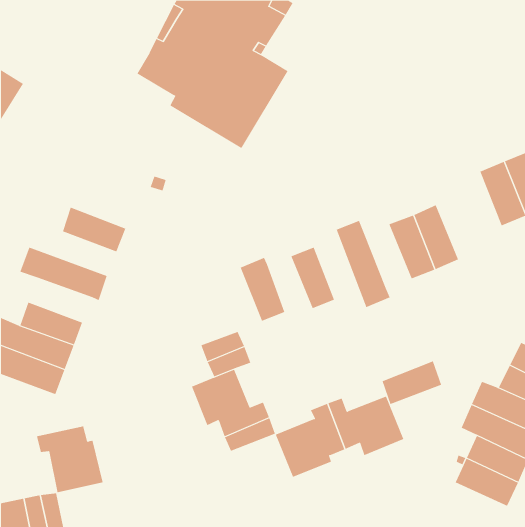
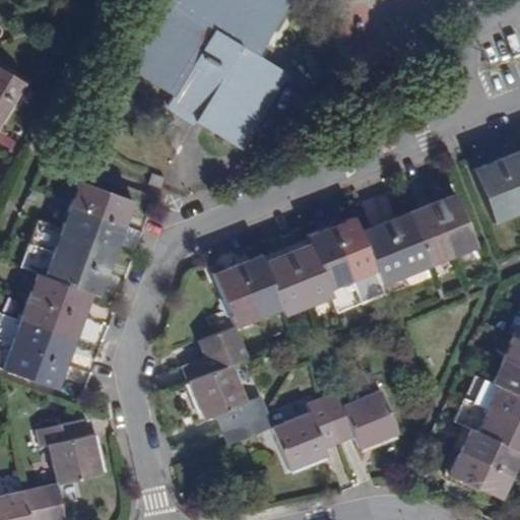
building: none -> [72,181,135,225]
building: none -> [432,193,478,256]
building: none -> [31,220,118,272]
building: none -> [362,221,407,284]
building: none -> [309,226,363,313]
building: none -> [266,253,310,314]
building: none -> [214,264,260,327]
building: none -> [30,274,93,318]
building: [382,361,442,405] -> none

